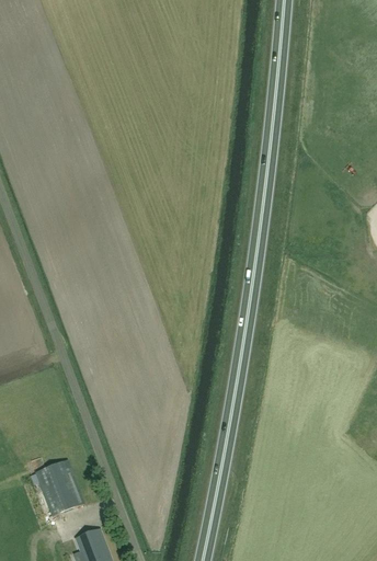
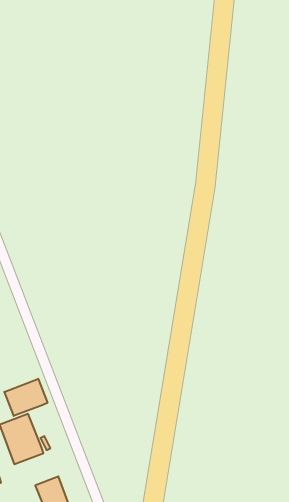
building: none -> [4,379,47,416]

